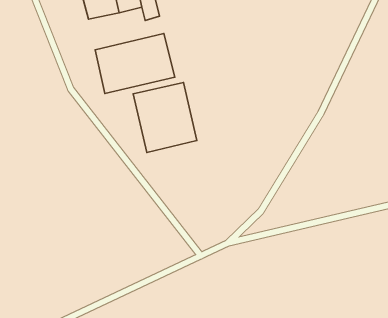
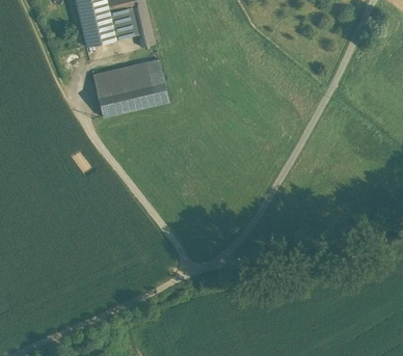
building: [133,83,197,152] -> none

